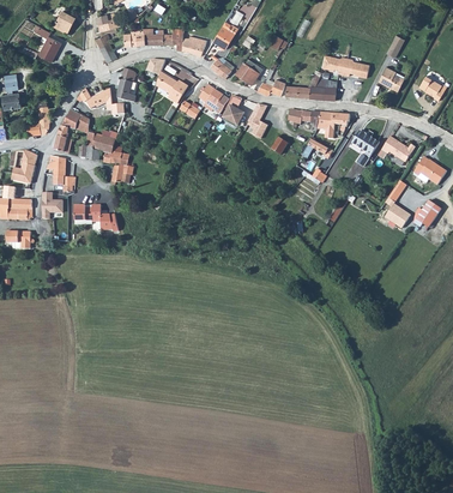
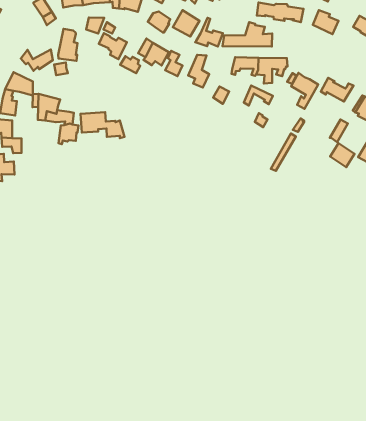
building: [74,204,117,232] -> [81,112,125,138]

